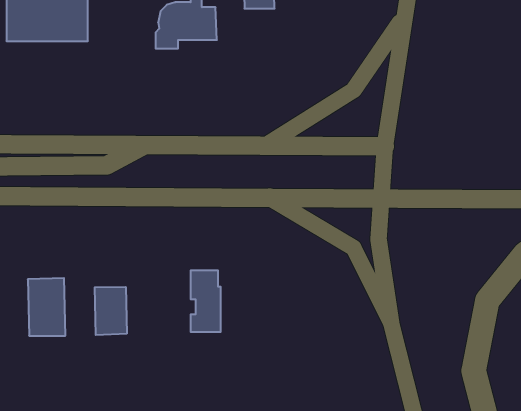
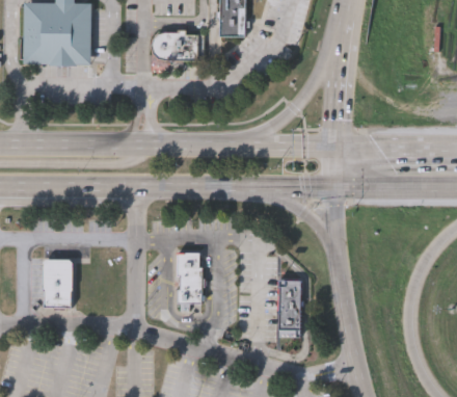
building: [95,287,127,335] -> none
building: none -> [276,282,300,339]

